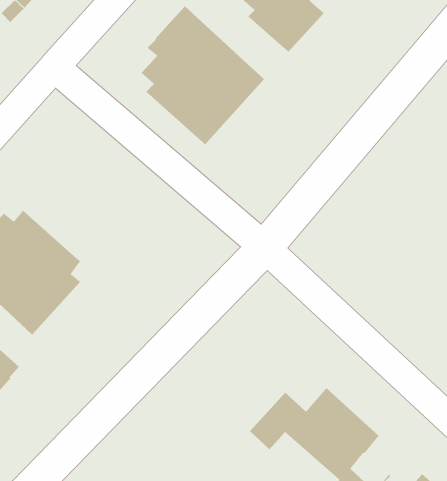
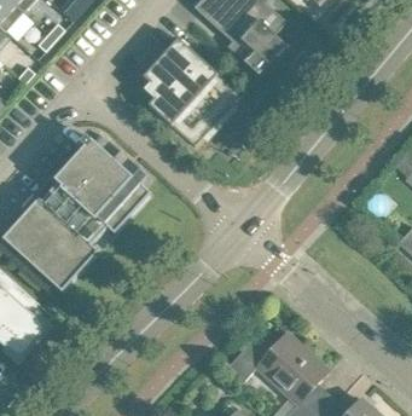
building: none -> [54,133,151,235]

